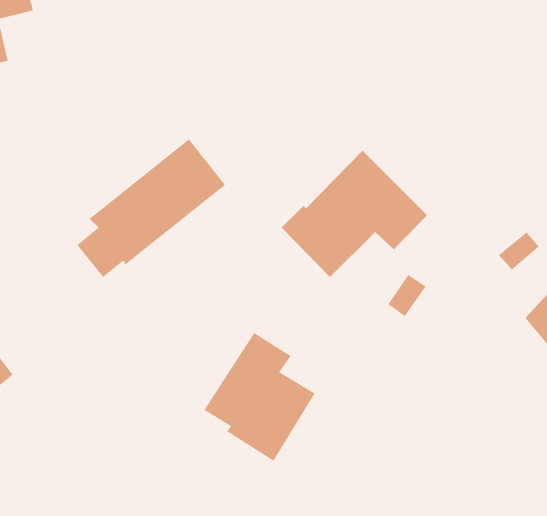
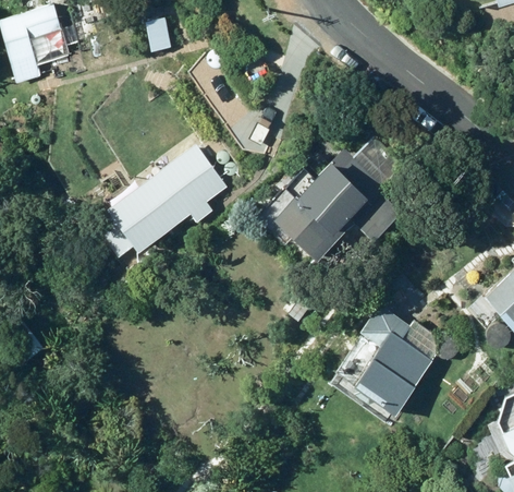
building: [204,332,315,461] -> [335,304,432,417]

